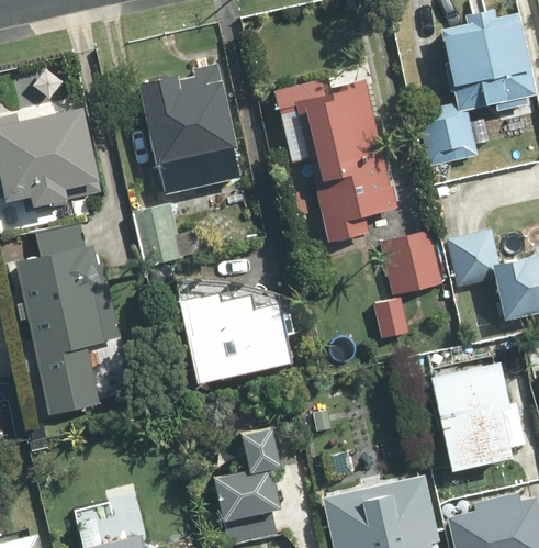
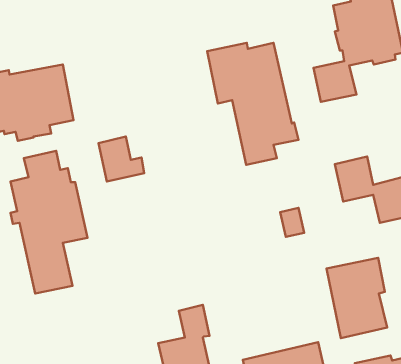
building: [141,65,239,193] -> none
building: [381,231,439,293] -> none
building: [184,289,294,384] -> none

